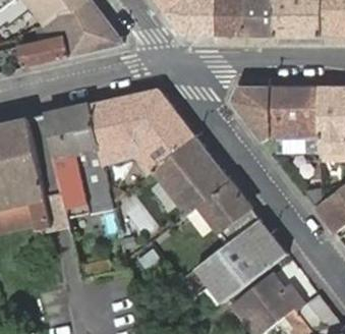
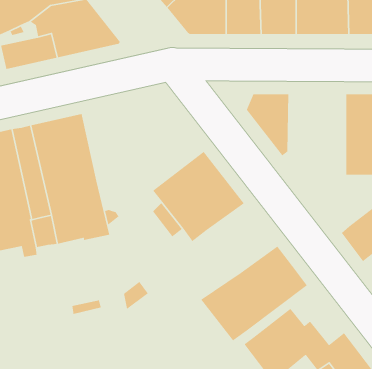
building: [269,87,319,154] -> none
building: [90,89,195,174] -> none
building: [198,182,260,242] -> none

